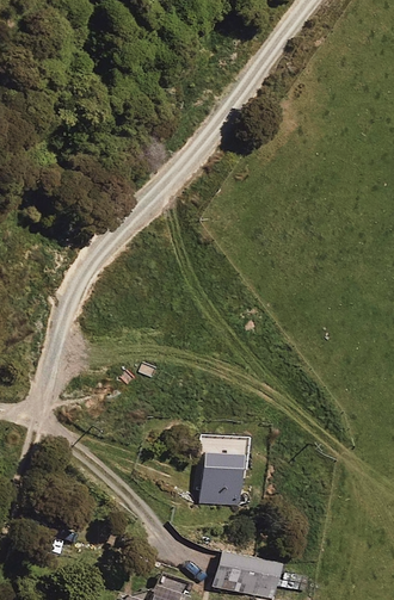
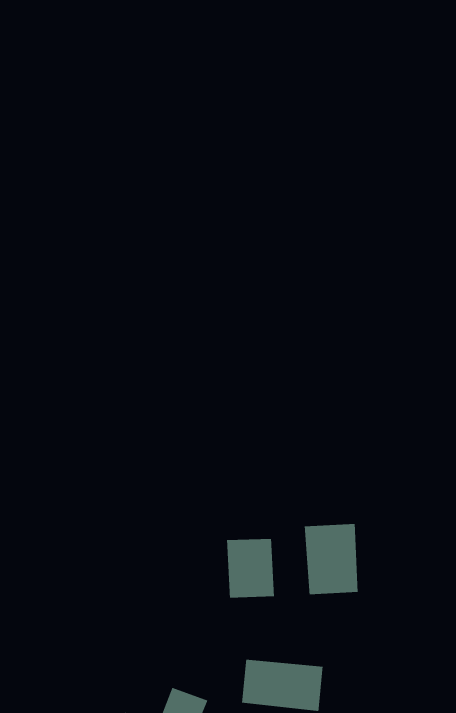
building: none -> [304,523,359,595]

